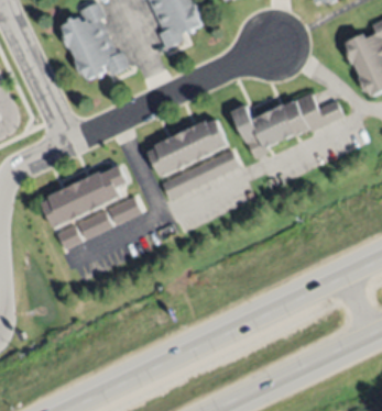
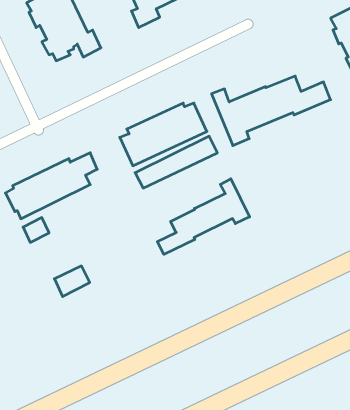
building: none -> [157,179,250,254]
building: [109,198,141,224] -> none
building: [77,211,110,240] -> [54,266,90,297]

